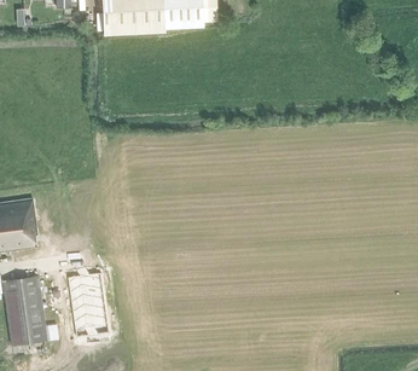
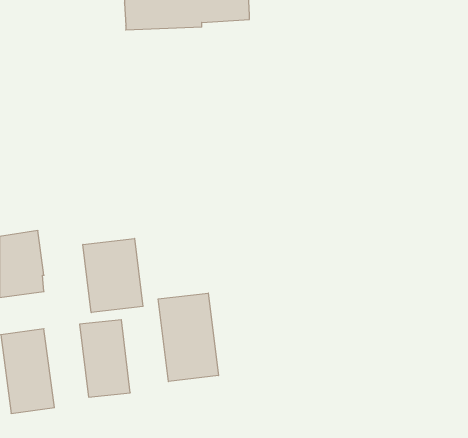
building: none -> [83,238,143,313]
building: none -> [158,293,218,382]

